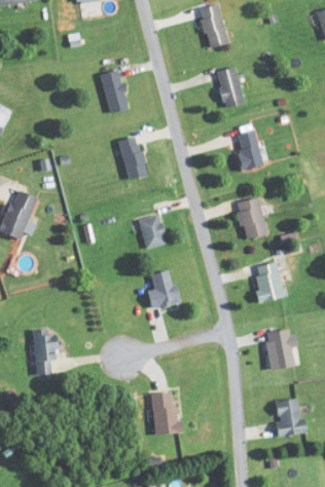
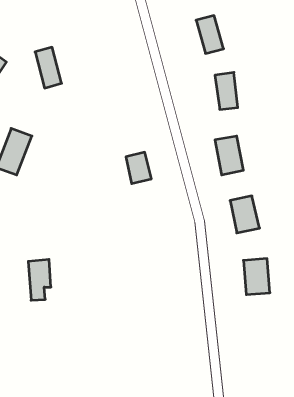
building: [100,69,129,113] -> [35,47,62,88]
building: [120,137,144,179] -> none
building: [147,270,177,308] -> none
building: [150,390,180,435] -> none
building: [274,398,304,437] -> none

